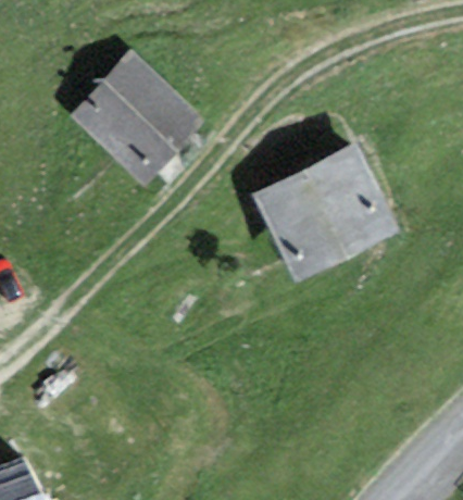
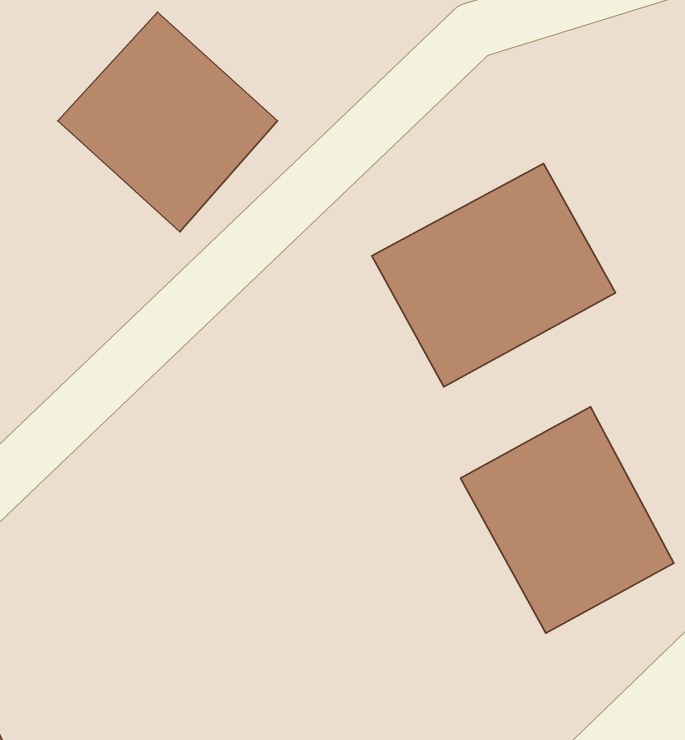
building: none -> [460,407,674,633]

